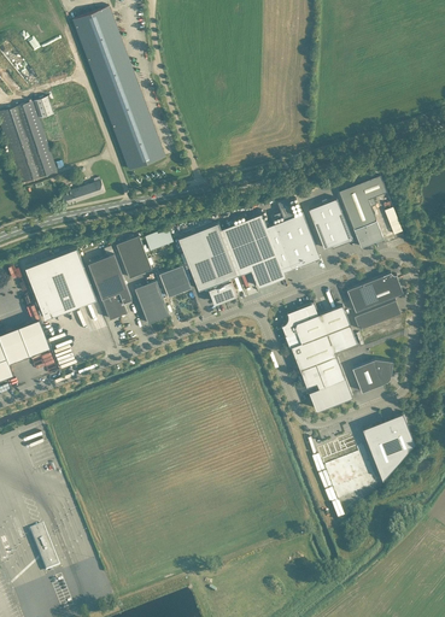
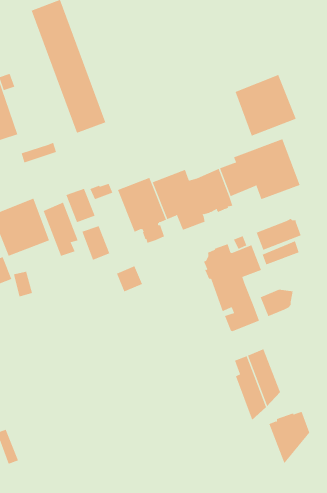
building: none -> [235,74,297,136]
building: [158,265,191,298] -> [116,265,143,292]
building: [362,416,412,481] -> [268,411,310,465]

